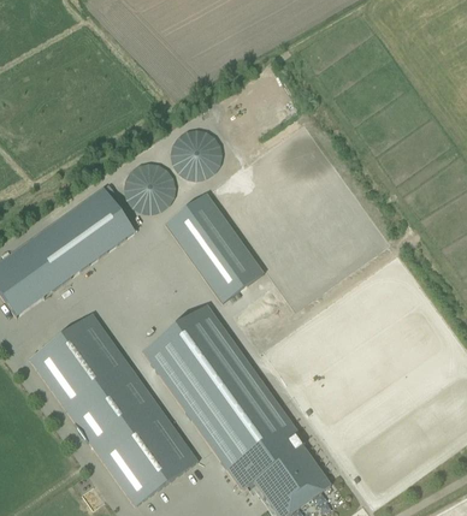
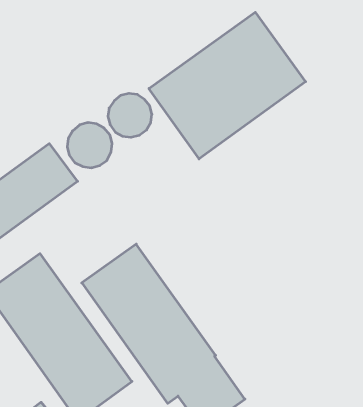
building: none -> [149,12,306,159]
building: [167,195,264,302] -> none

